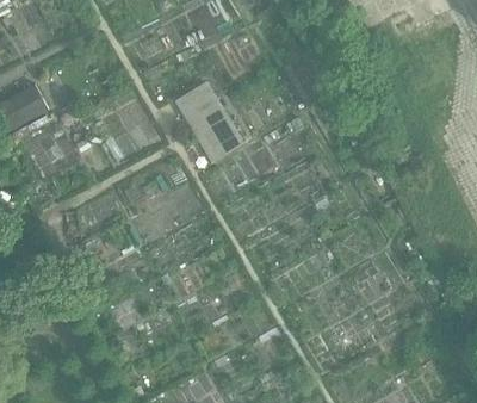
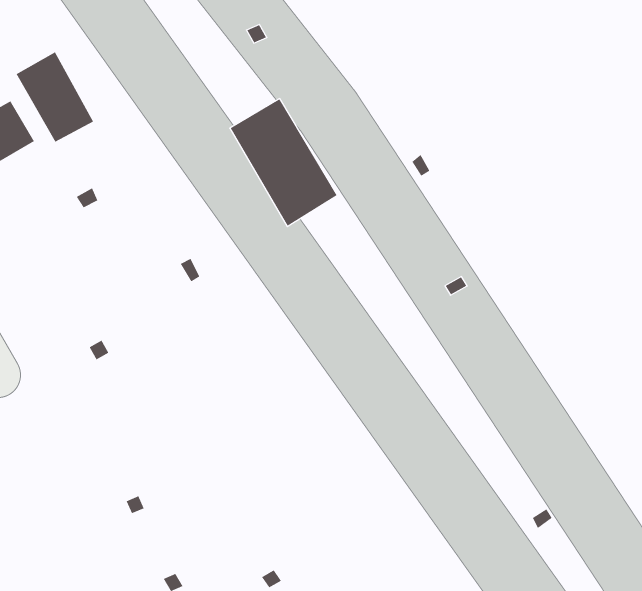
building: none -> [16,51,94,143]

